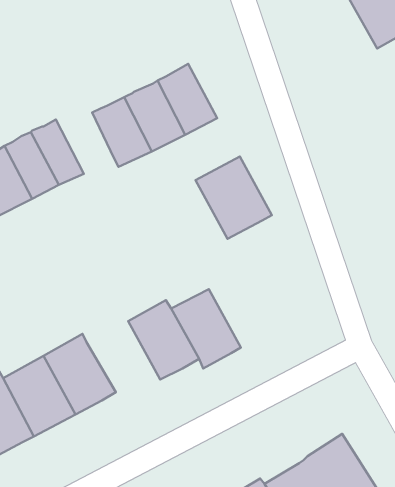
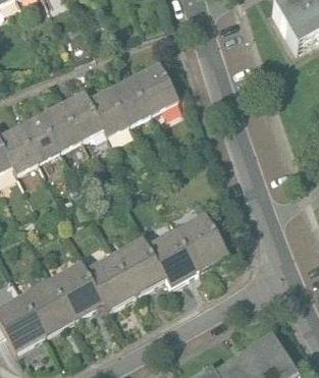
building: none -> [61,91,104,142]
building: [195,157,272,239] -> [173,209,229,269]
building: none -> [84,250,138,309]

